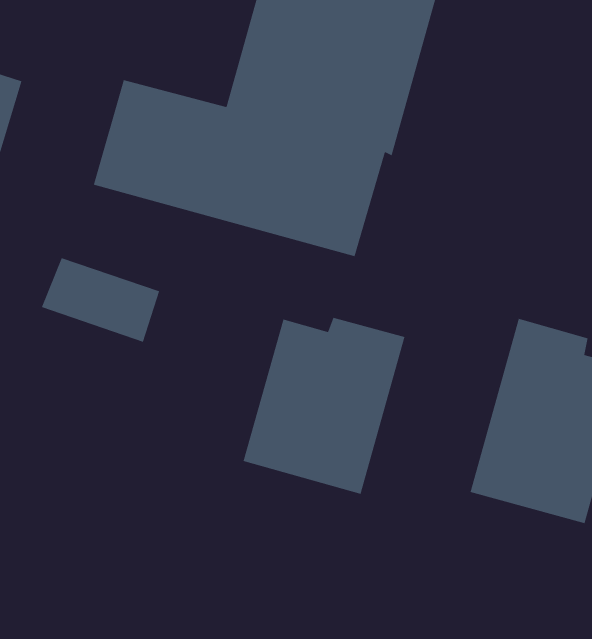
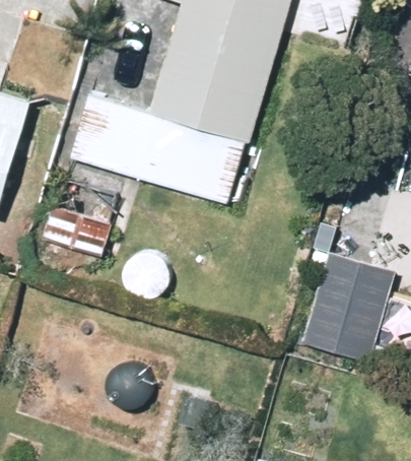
building: [243,317,405,495] -> none

